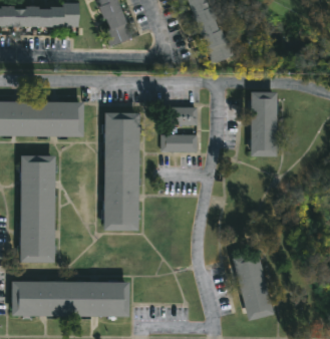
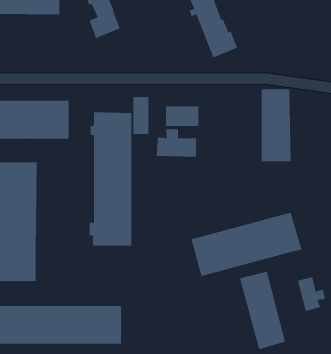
building: none -> [133,96,149,135]
building: none -> [191,212,302,277]
building: none -> [297,277,326,312]

